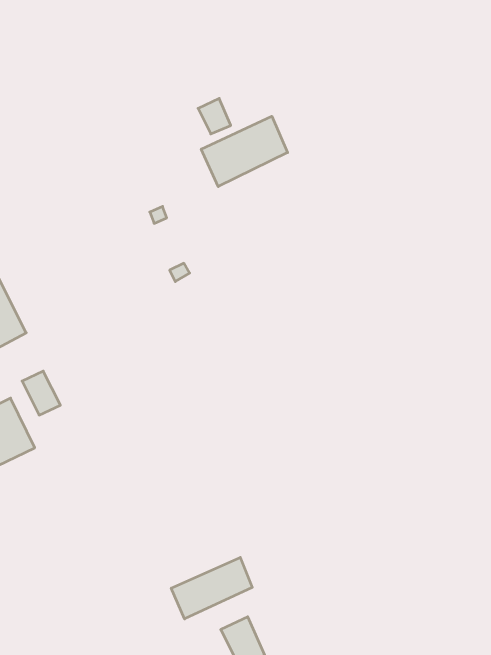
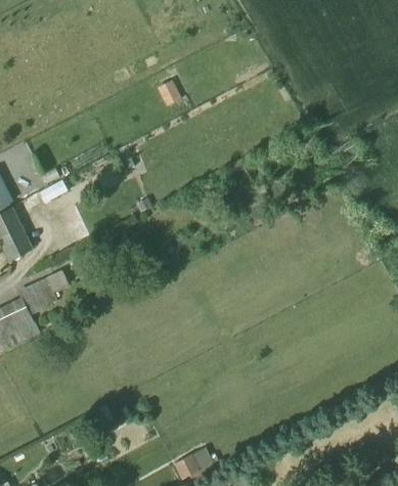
building: [201,116,288,187] -> none
building: [171,557,252,619] -> none

